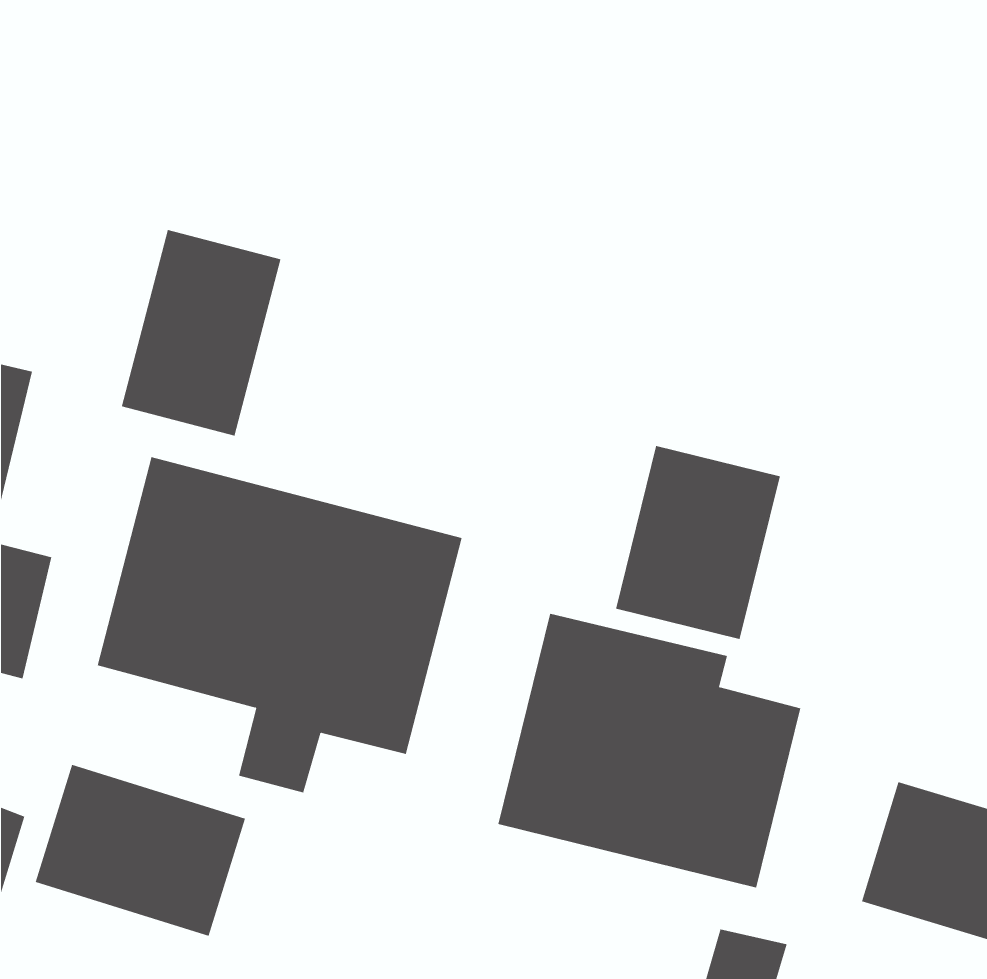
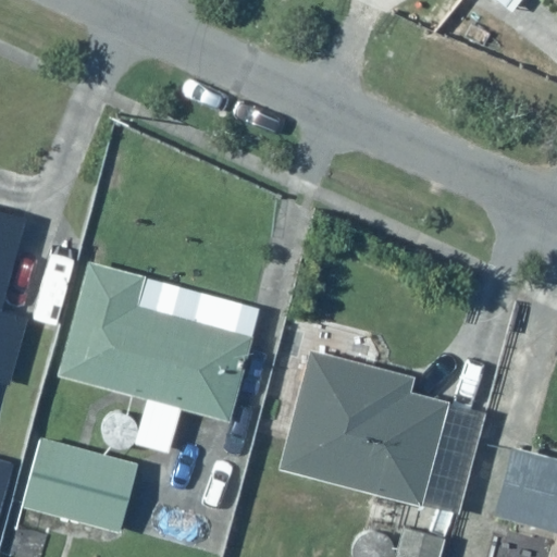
building: [121,229,281,436] -> none
building: [616,445,780,640] -> none

